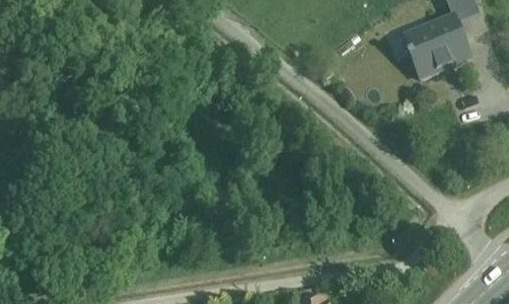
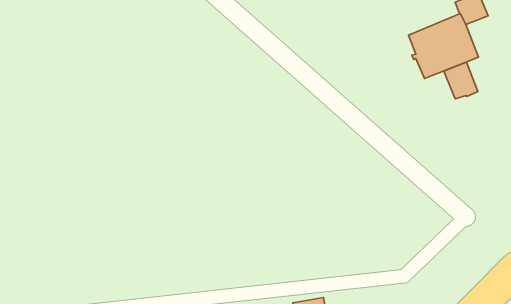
building: none -> [444,62,478,99]

